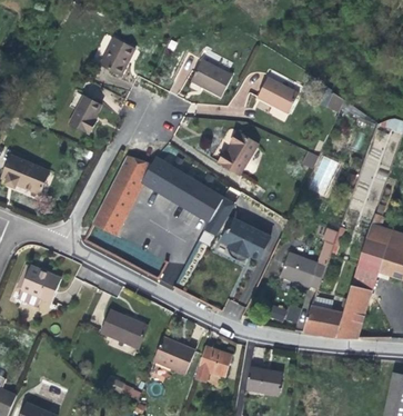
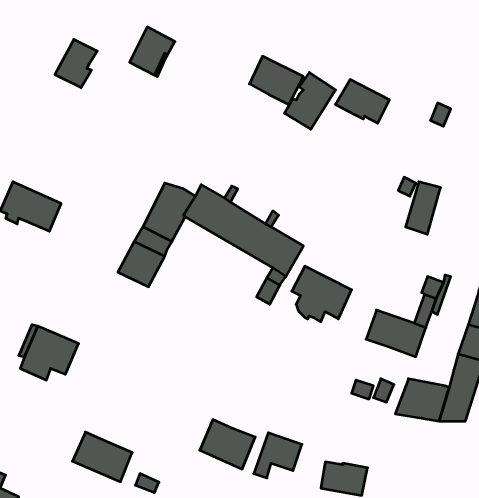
building: [69,96,101,132] -> [55,39,97,88]
building: [219,130,258,174] -> [284,72,336,129]
building: [101,309,147,347] -> [72,432,132,482]

